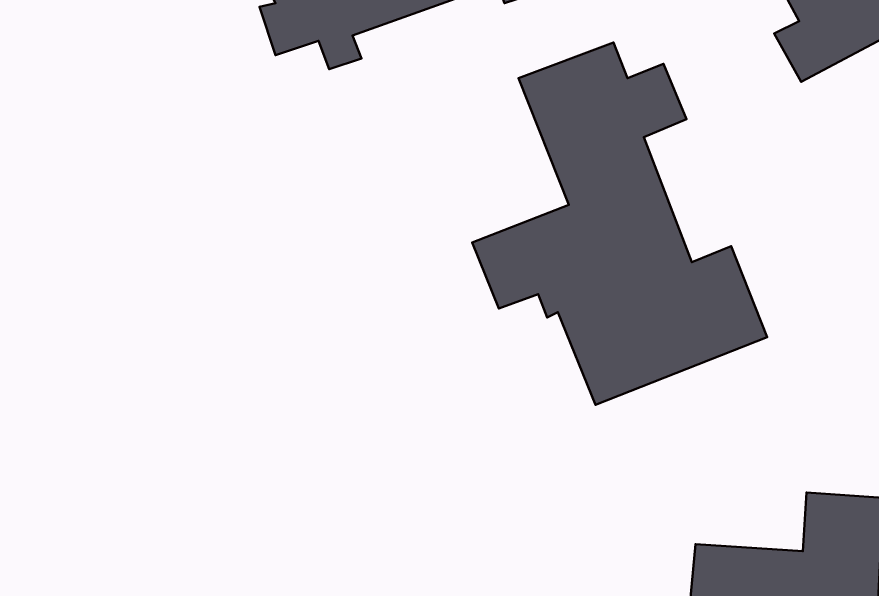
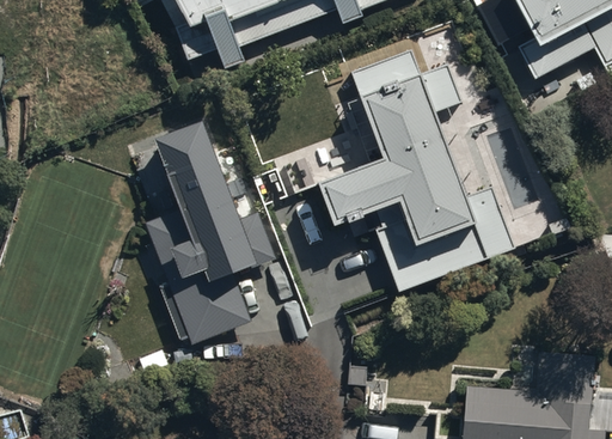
building: none -> [145,118,276,342]

